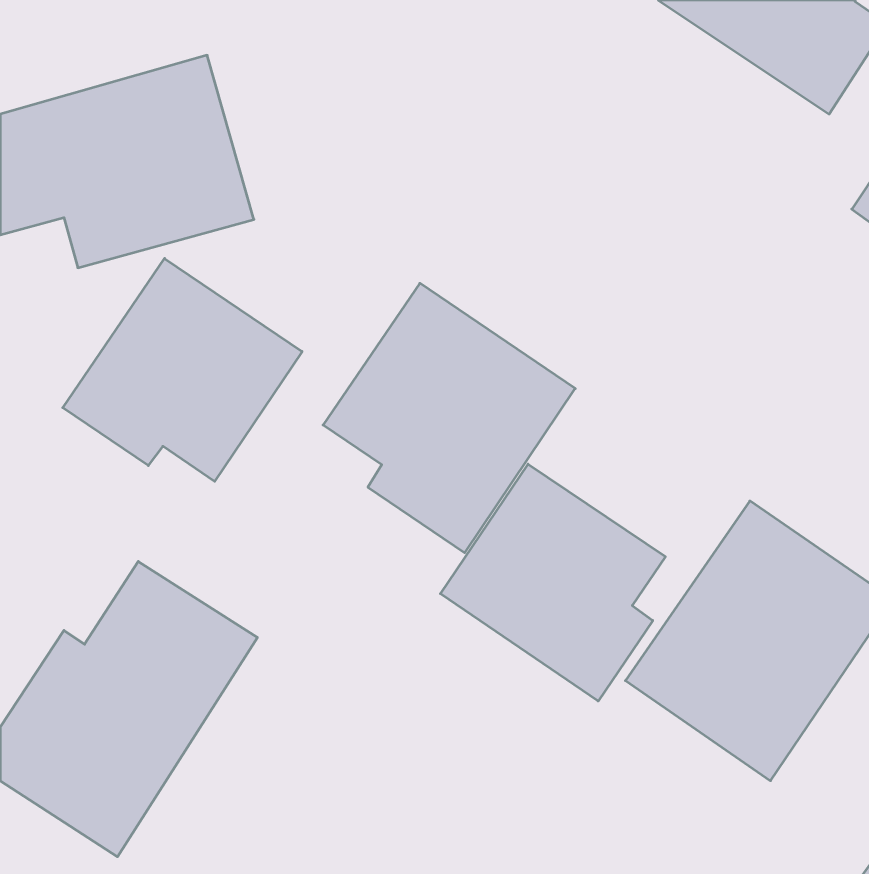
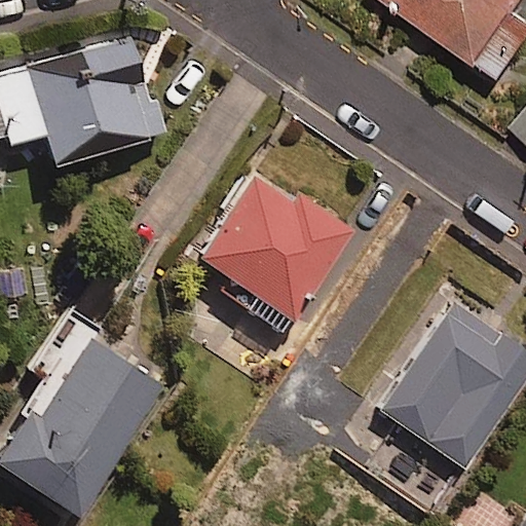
building: [63,258,302,481] -> none
building: [440,464,665,701] -> none

